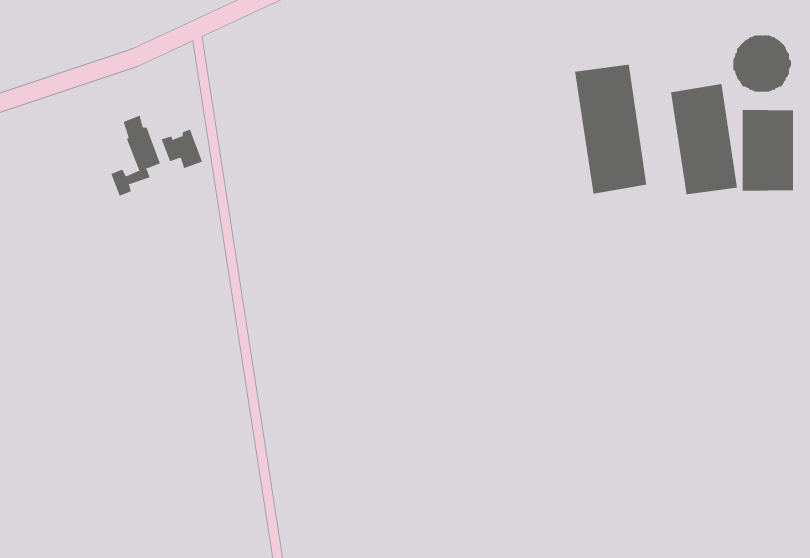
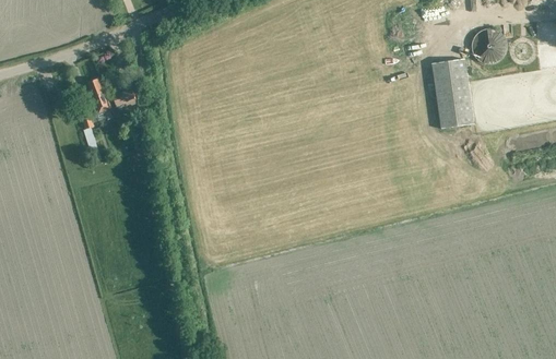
building: [575,64,647,194] -> none
building: [742,109,794,191] -> none

